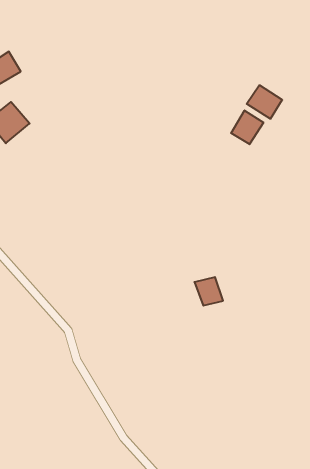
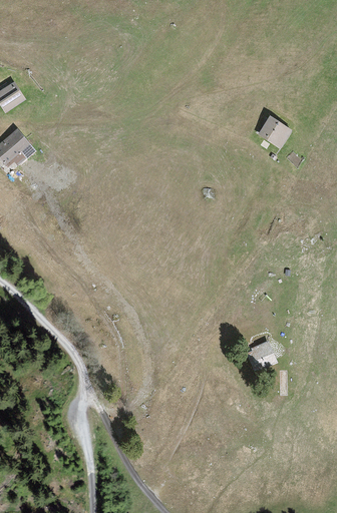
building: [231,110,263,144] -> none
building: [194,277,223,306] -> [249,341,278,370]

